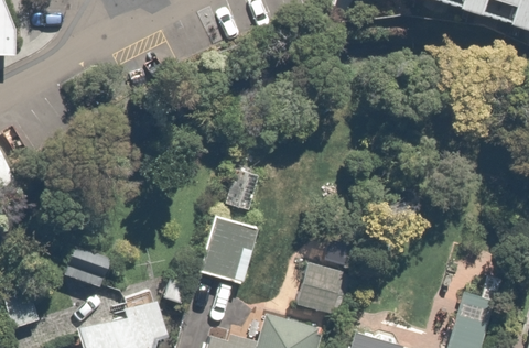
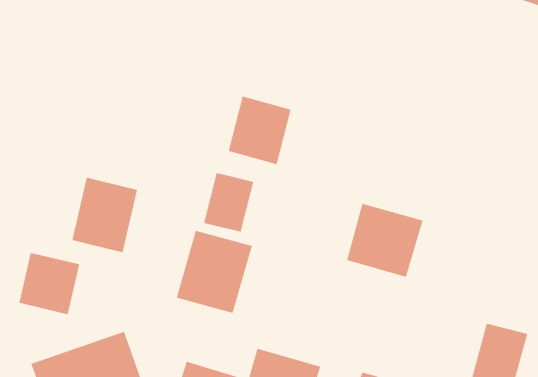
building: none -> [228,96,291,165]
building: none -> [71,177,138,253]
building: [293,253,358,316] -> [346,203,423,278]

